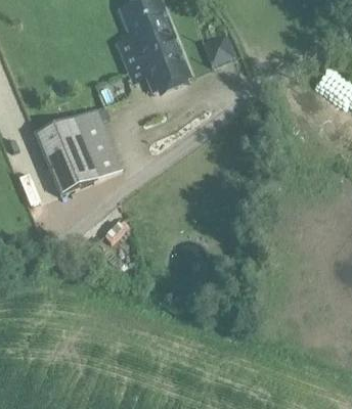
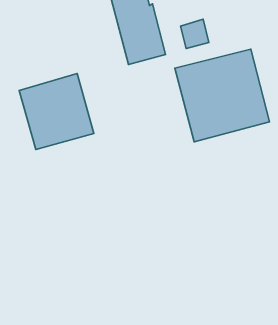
building: none -> [175,49,269,142]

